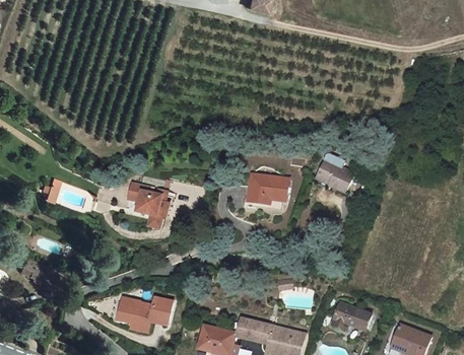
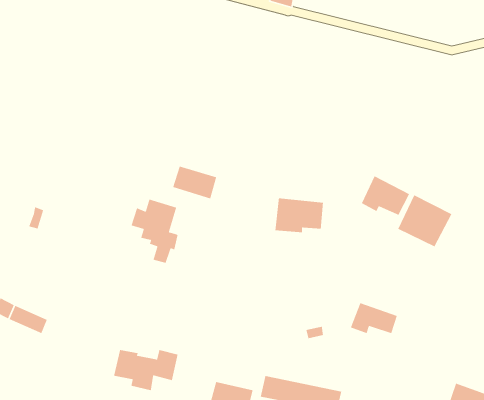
building: none -> [172,166,217,199]
building: none -> [397,194,452,248]
building: [331,303,371,330] -> [350,302,398,334]

